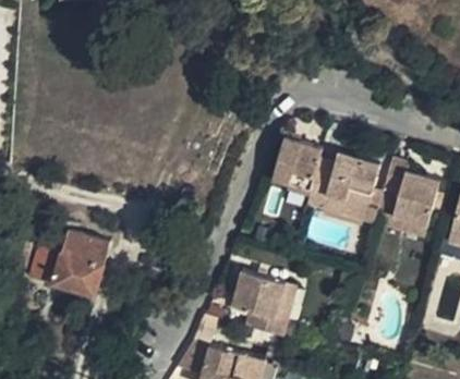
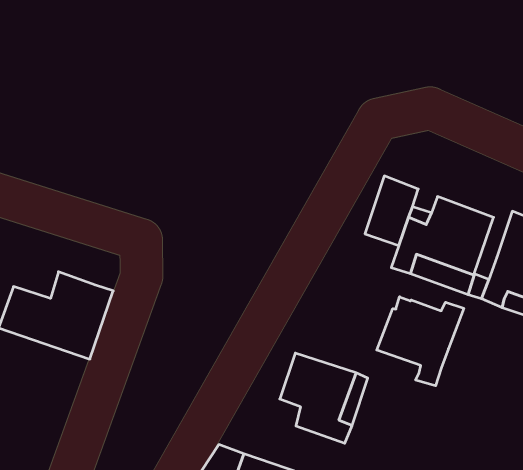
building: none -> [377,297,464,386]

